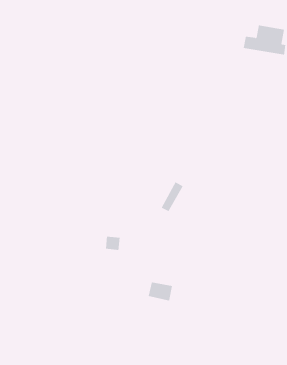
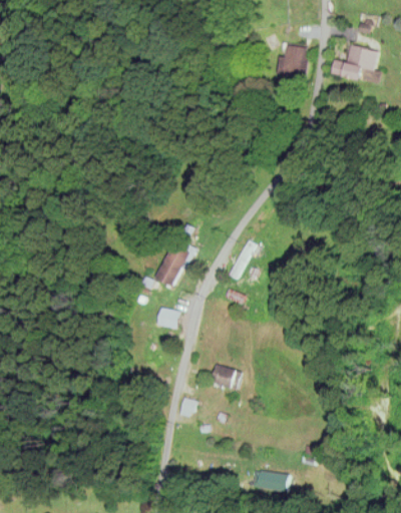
building: none -> [277,47,304,75]
building: none -> [154,240,190,287]

